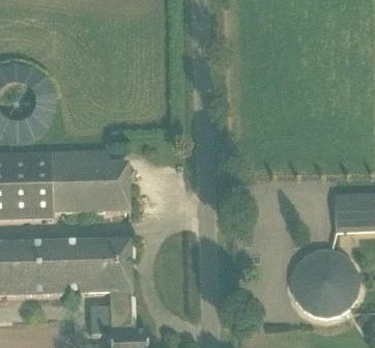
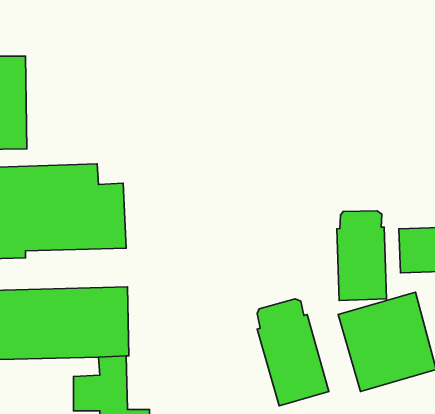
building: none -> [337,211,387,301]
building: none -> [257,299,329,406]

